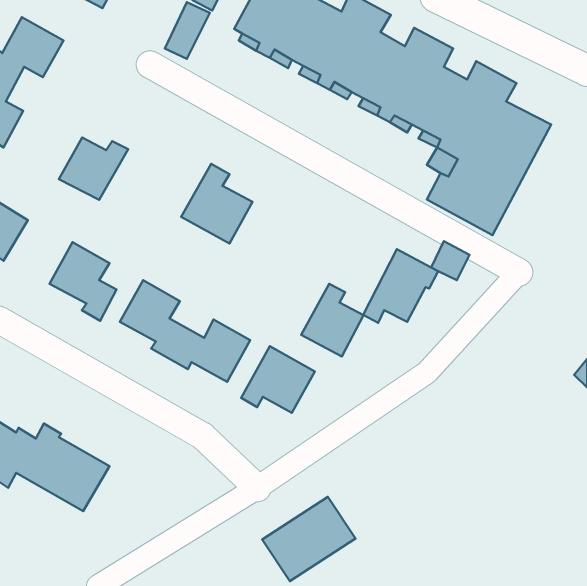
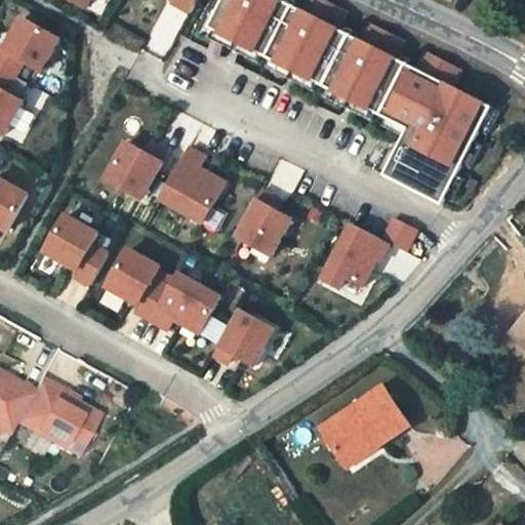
building: [59,138,128,200] -> [106,140,167,196]
building: [301,284,364,357] -> [236,189,291,253]
building: [262,497,356,581] -> [318,388,401,462]

